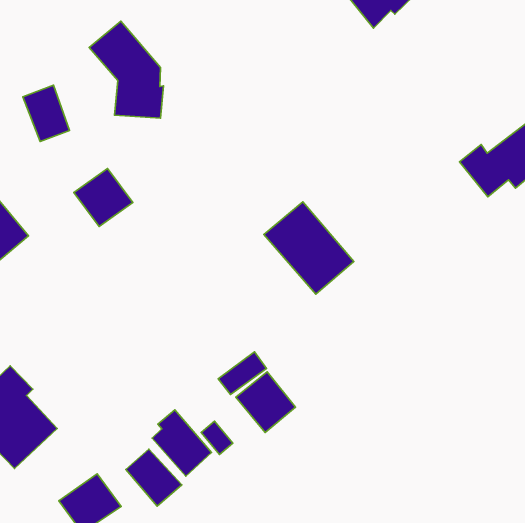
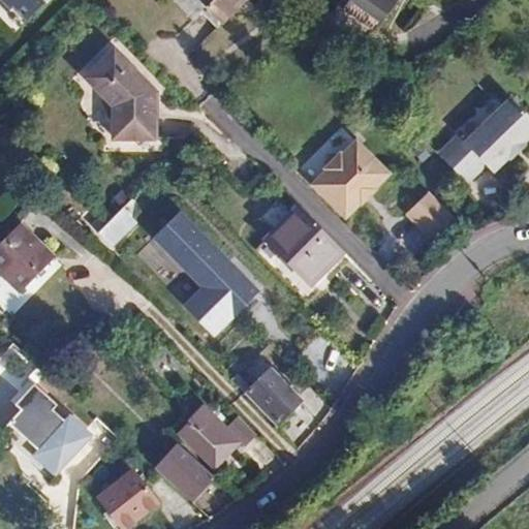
building: [23,85,69,142] -> none
building: none -> [307,139,383,216]
building: none -> [156,206,268,338]
building: none -> [404,189,452,236]

